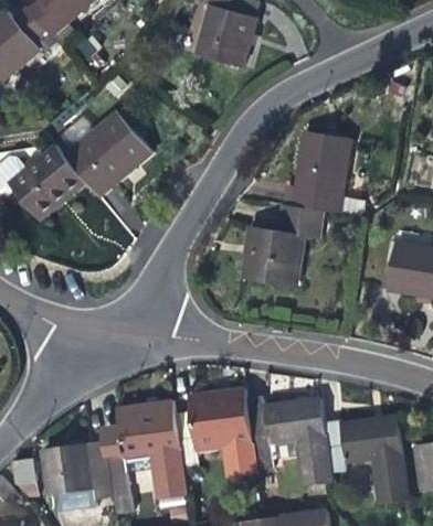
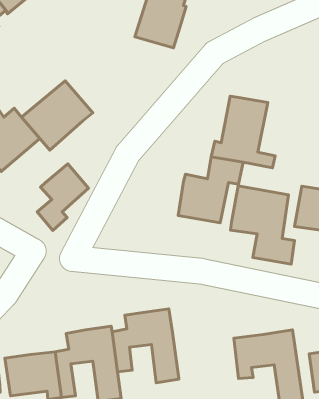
building: none -> [37,164,88,231]
building: none -> [231,186,294,264]
building: [243,400,326,490] -> none

